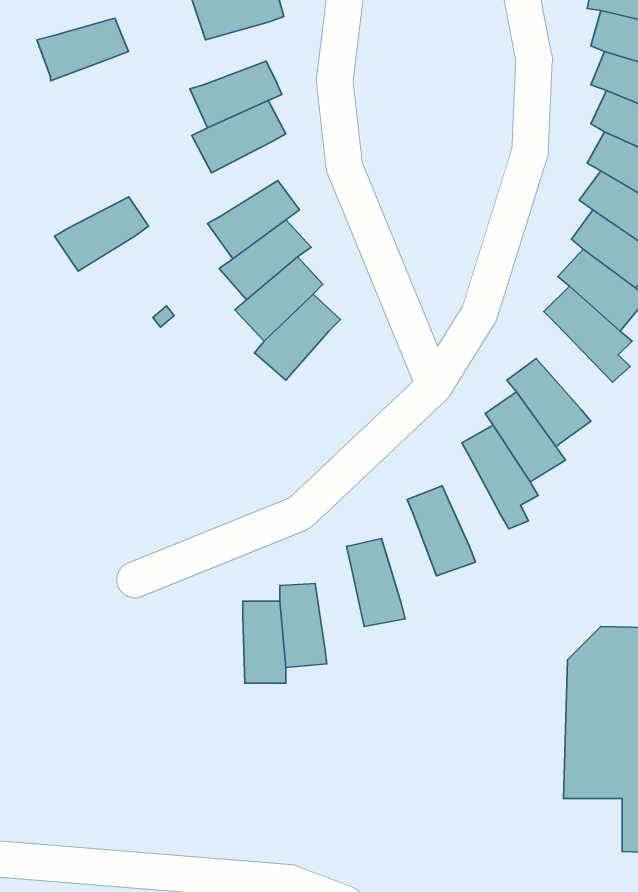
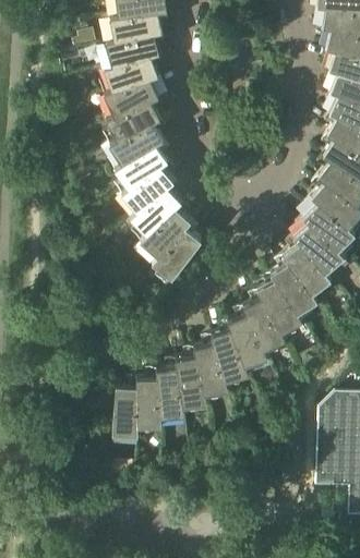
building: [37,18,129,81] -> [107,56,158,90]
building: [55,197,148,271] -> [111,122,164,163]
building: none -> [295,223,343,271]
building: none -> [154,228,202,283]
building: none -> [244,298,285,348]
building: none -> [212,329,248,379]
building: none -> [176,356,206,404]
building: none -> [112,386,137,440]

